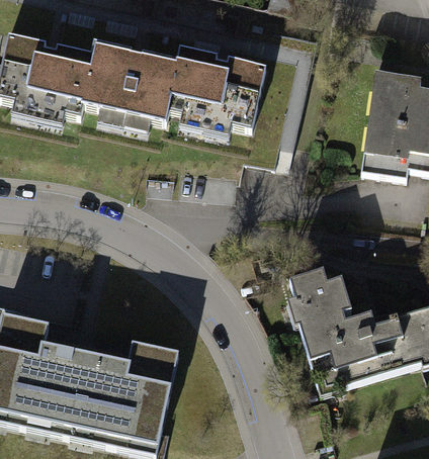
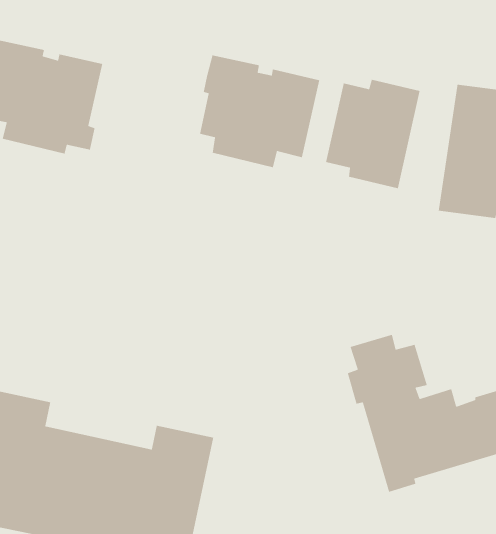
building: [81,41,176,130] -> none
building: none -> [325,79,420,189]

